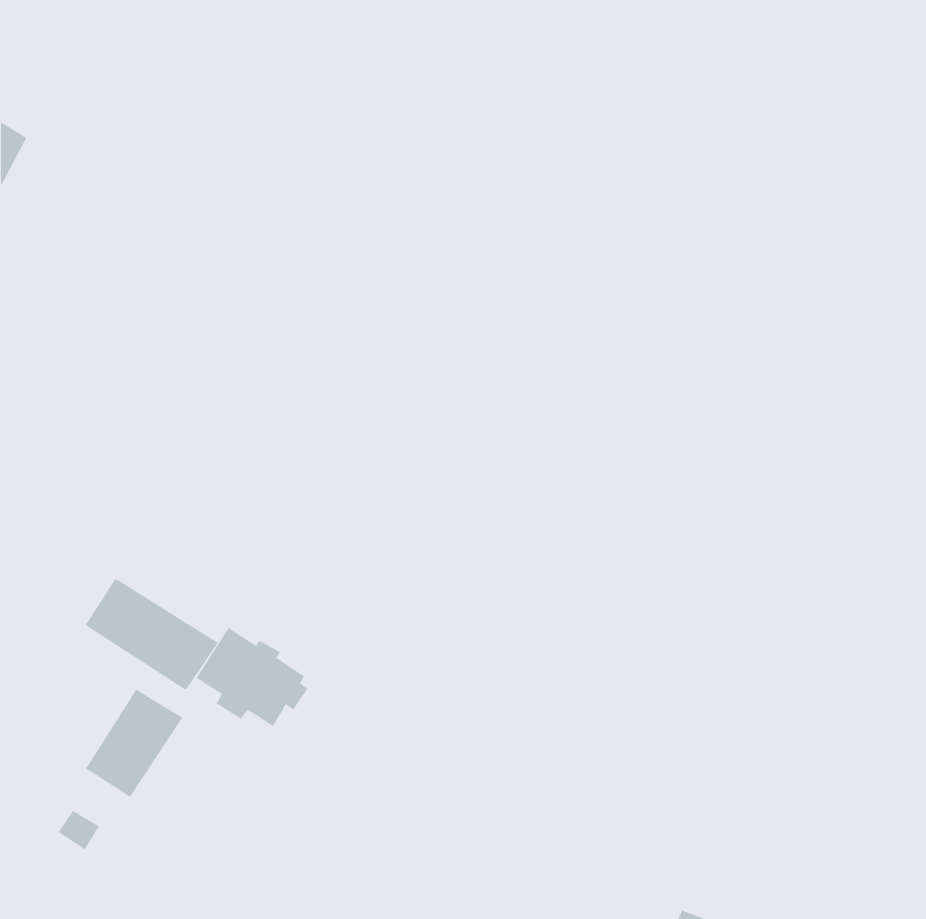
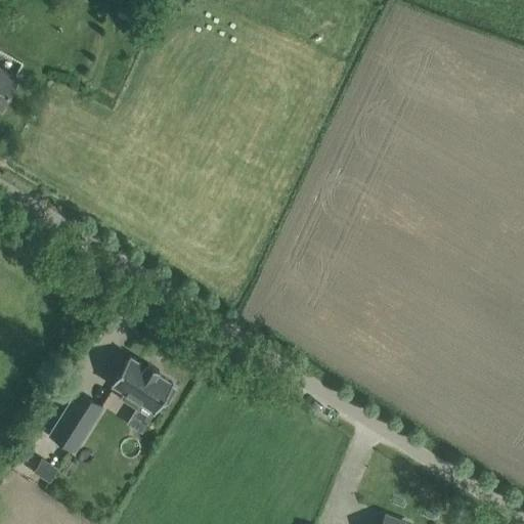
building: [85,578,218,691] -> none

